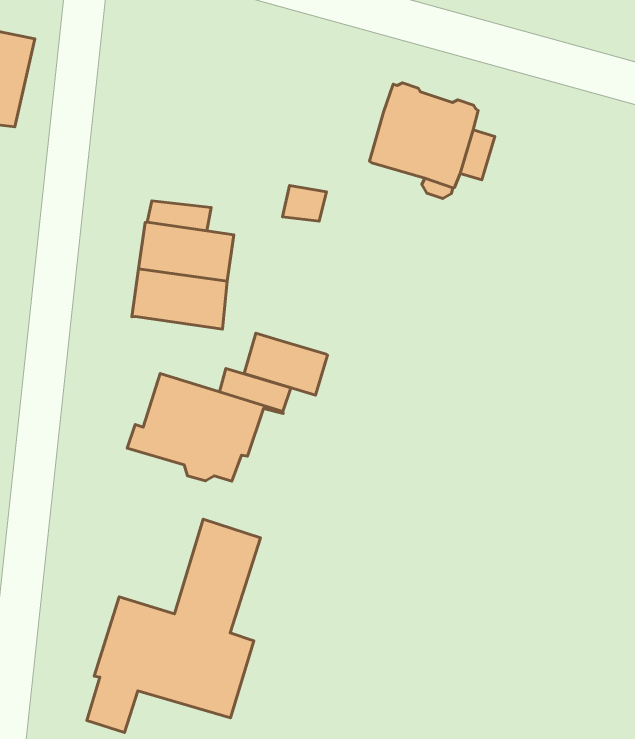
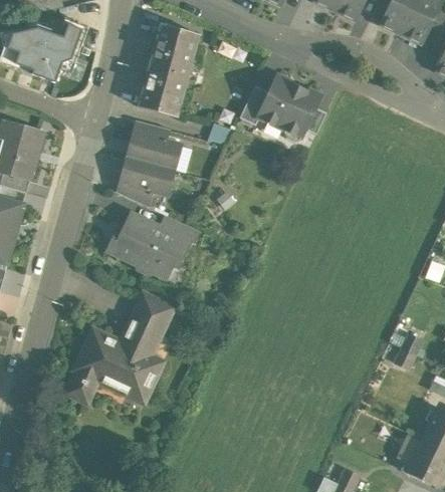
building: none -> [139,24,198,115]
building: none -> [238,84,268,125]
building: none -> [119,181,153,207]
building: [244,333,327,395] -> none

